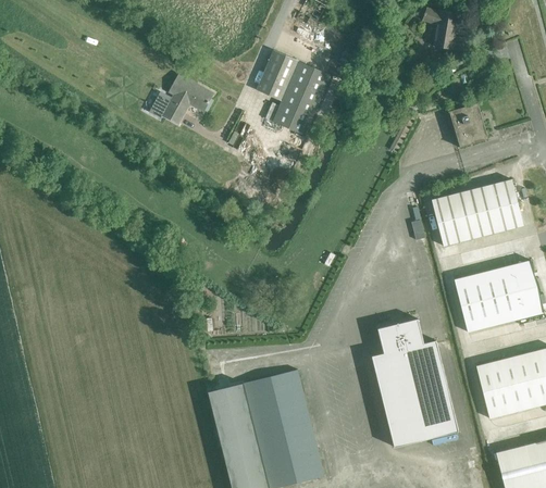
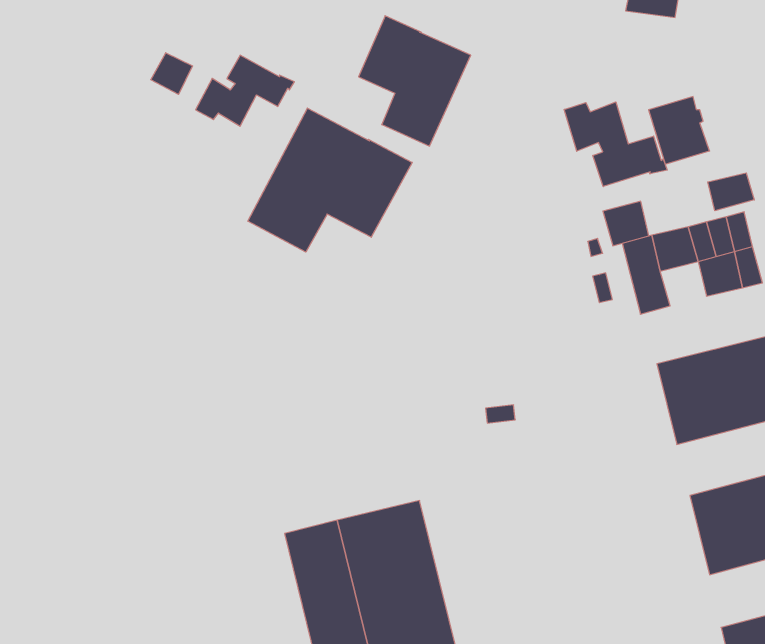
building: none -> [151,53,193,94]
building: none -> [564,102,667,187]
building: none -> [248,108,412,252]
building: none -> [708,173,754,211]
building: [456,212,486,241] -> [603,201,649,246]
building: [371,318,458,447] -> none

